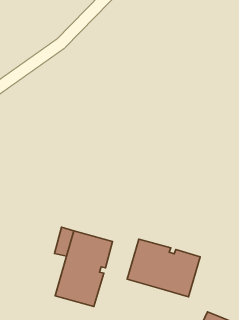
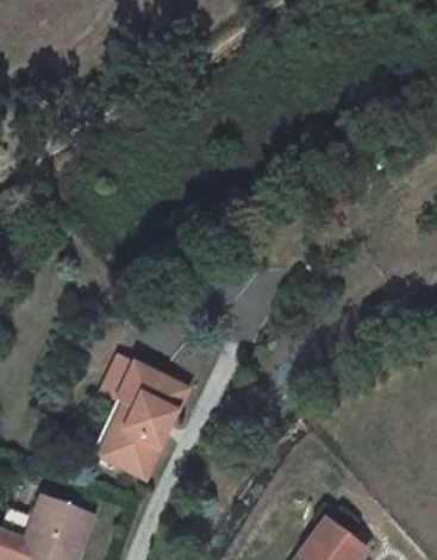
building: [127,239,200,297] -> none

